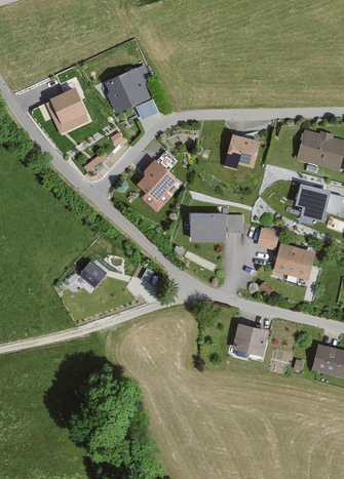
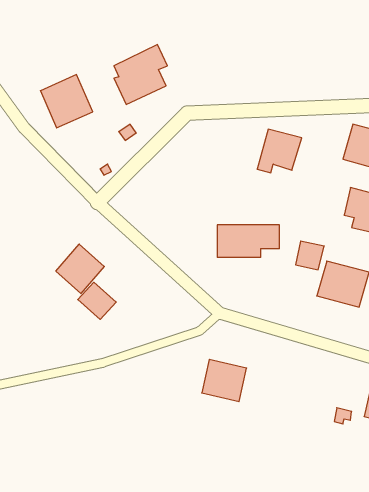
building: [137,151,178,202] -> none
building: none -> [56,244,104,294]
building: [231,323,268,358] -> [202,359,247,402]

